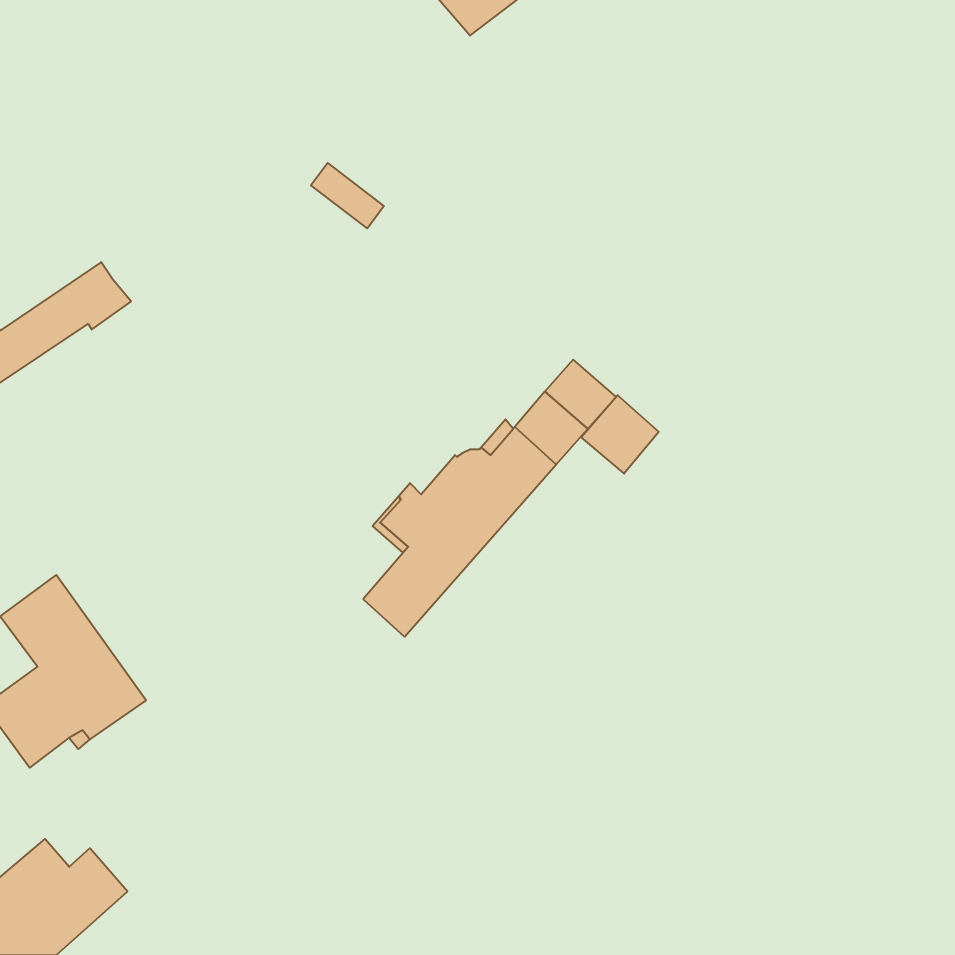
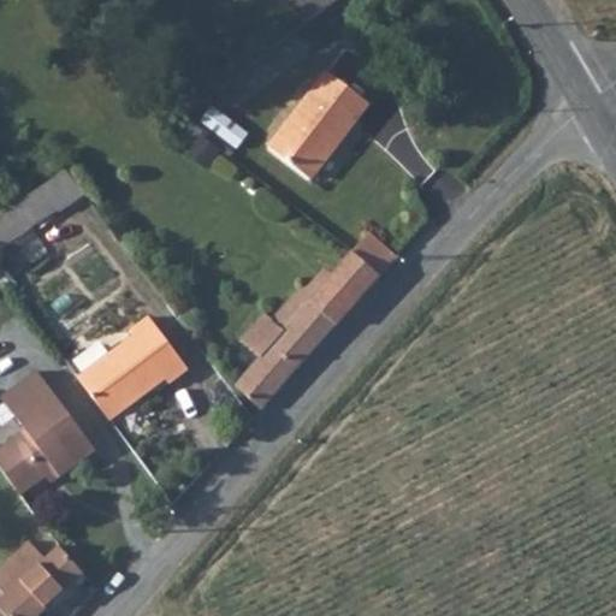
building: none -> [267,70,368,178]
building: [581,395,659,474] -> none
building: none -> [76,315,186,420]

